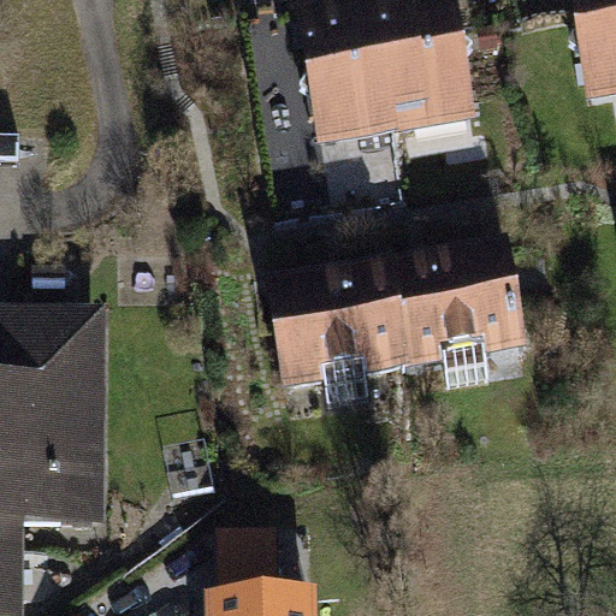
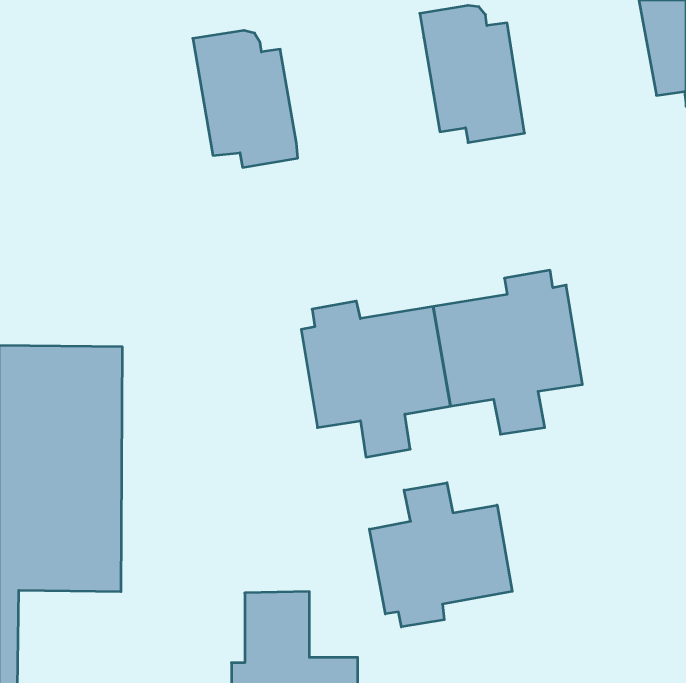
building: [301,20,395,143] -> [193,30,298,167]
building: none -> [369,483,512,627]

